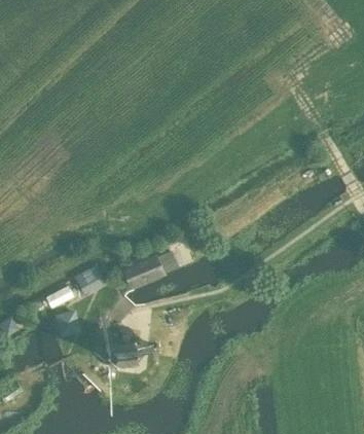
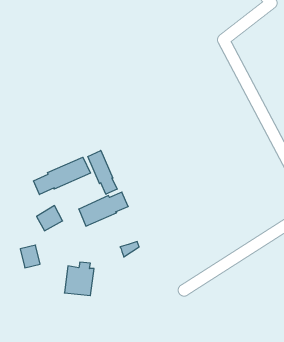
building: none -> [88,150,117,194]
building: none -> [33,157,90,195]

